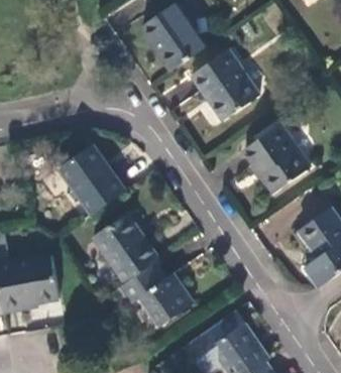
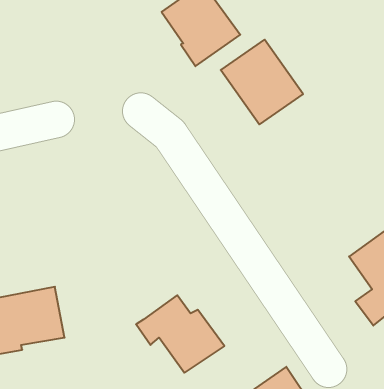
building: [242,124,308,193] -> none
building: [59,144,124,214] -> none
building: [93,214,157,282] -> none

